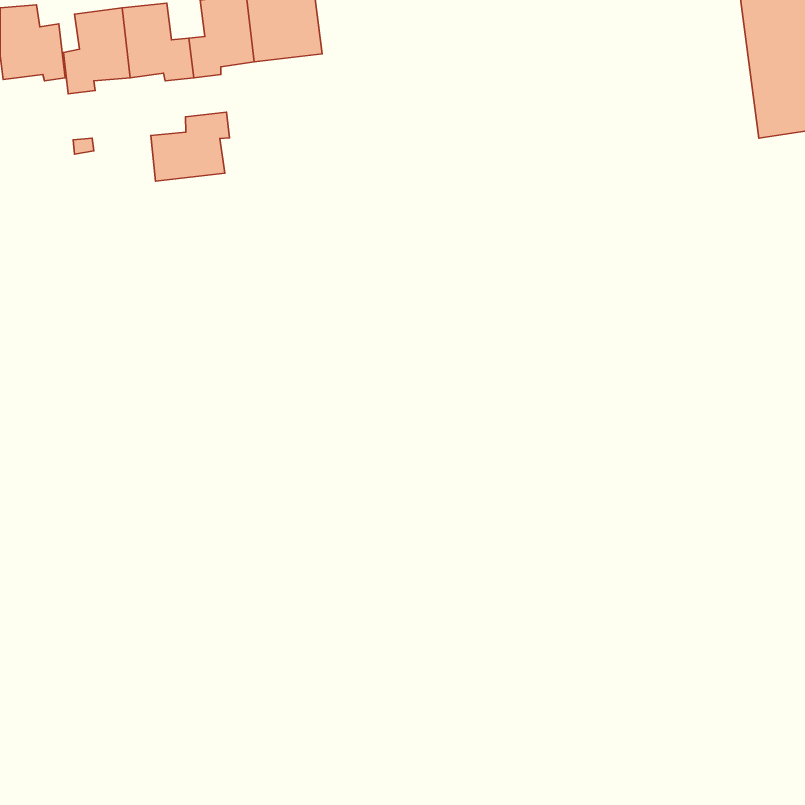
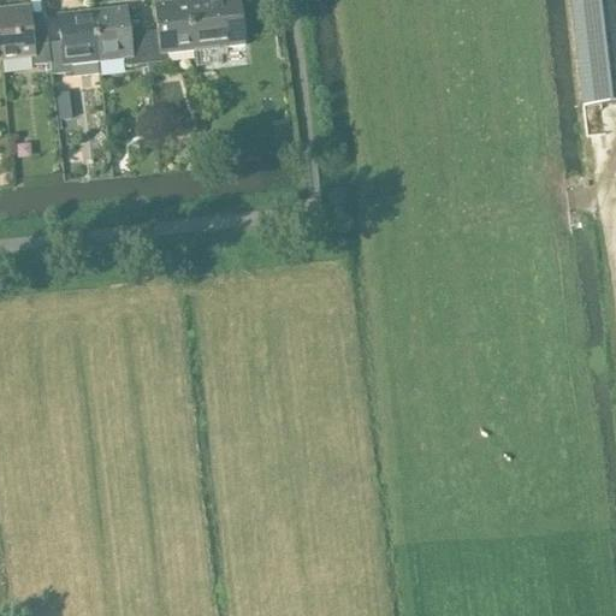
building: [151,112,229,181] -> none

